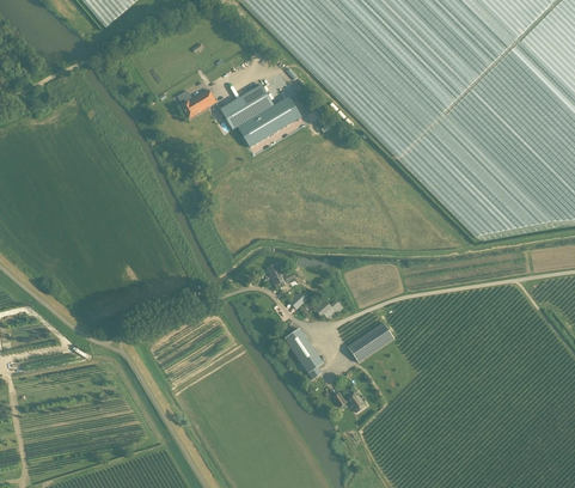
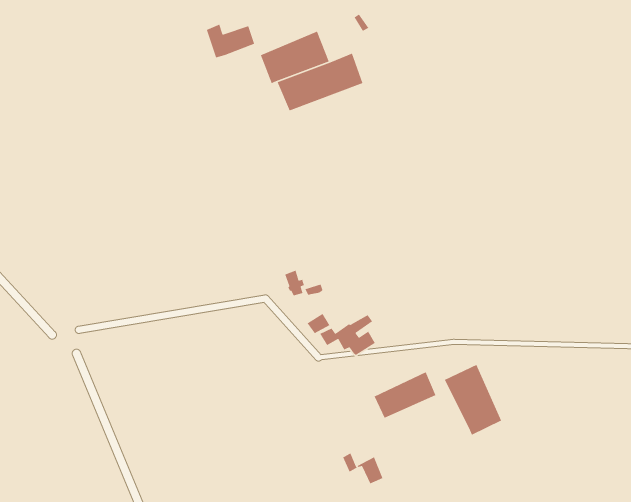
building: none -> [444,364,502,436]
building: [283,328,323,373] -> none

